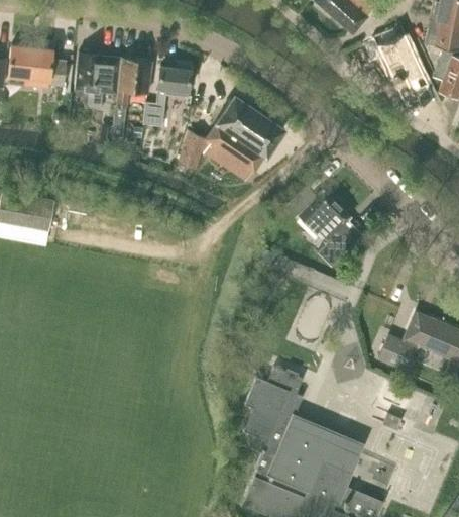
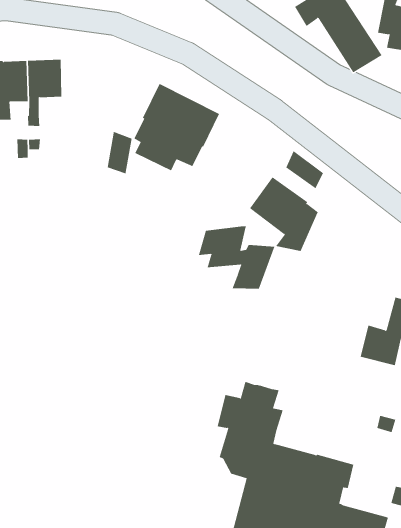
building: [143,67,192,127] -> none
building: none -> [286,150,324,189]
building: none -> [198,225,275,290]

